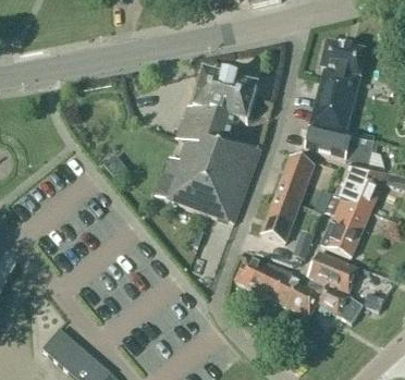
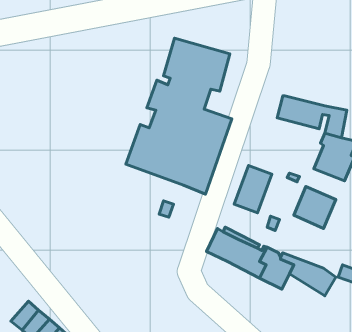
building: [310,40,366,136] -> none
building: [277,156,314,204] -> none
building: [327,196,371,229] -> none
building: [308,252,357,292] -> none

